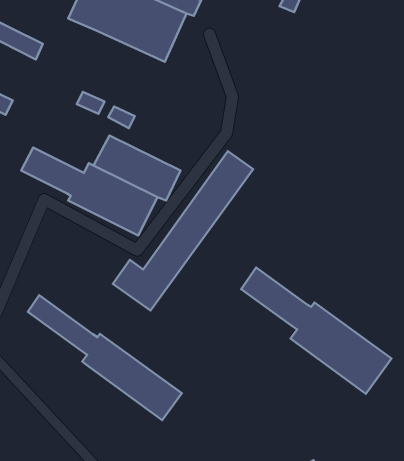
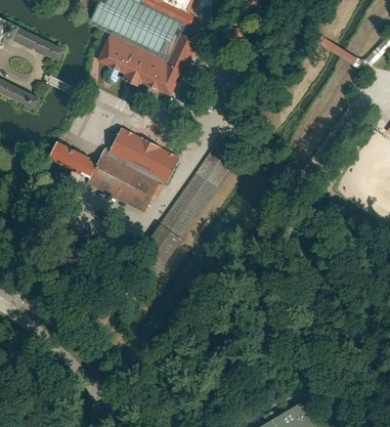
building: none -> [99,30,203,96]
building: [241,267,392,394] -> none
building: [28,295,182,420] -> none

